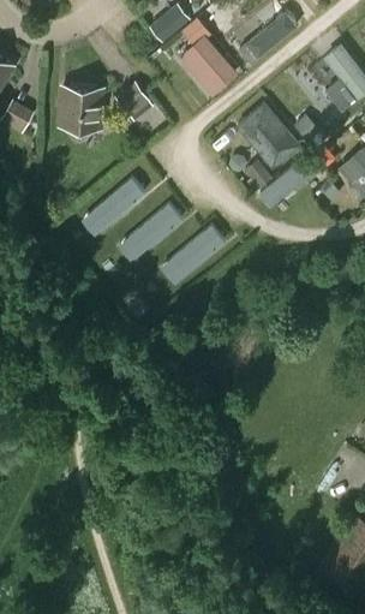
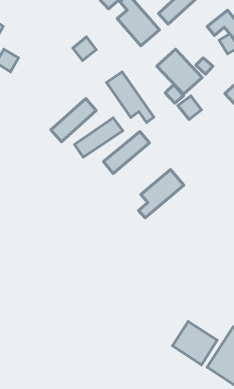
building: [58,89,98,131] -> none
building: none -> [106,72,154,123]
building: none -> [139,169,184,218]
building: none -> [173,321,217,365]

